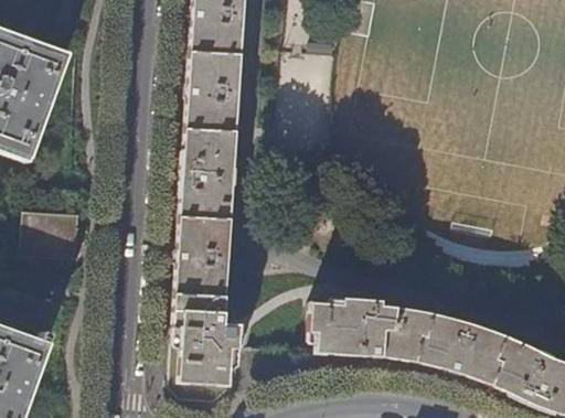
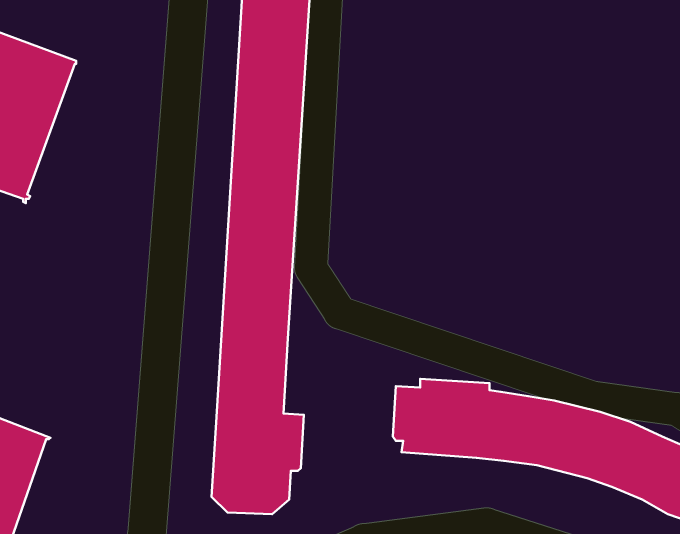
building: [22,213,79,260] -> none

